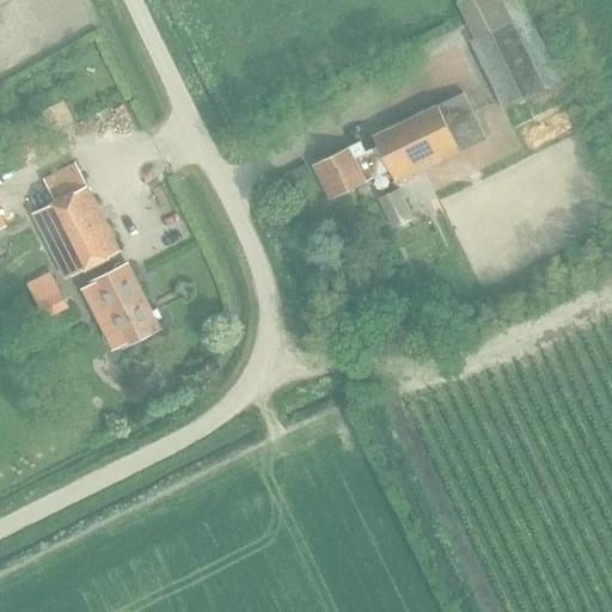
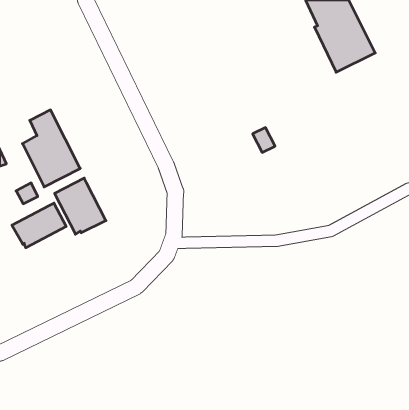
building: [313,92,483,197] -> none
building: none -> [12,203,66,248]

